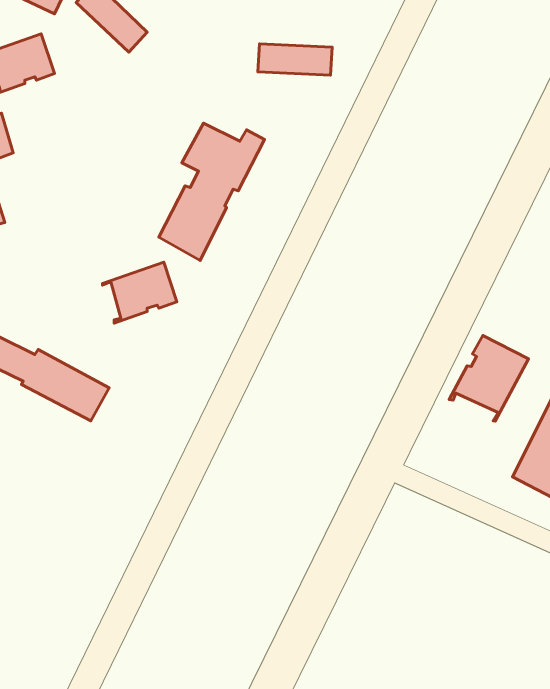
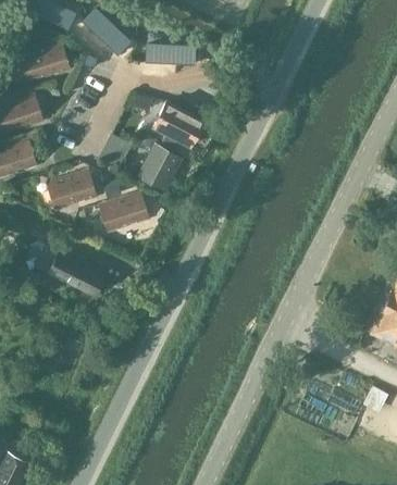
building: [258,44,332,75] -> [147,43,196,64]
building: none -> [47,171,96,210]
building: [449,335,529,421] -> none

